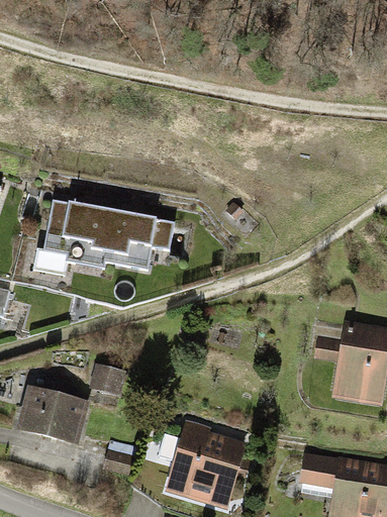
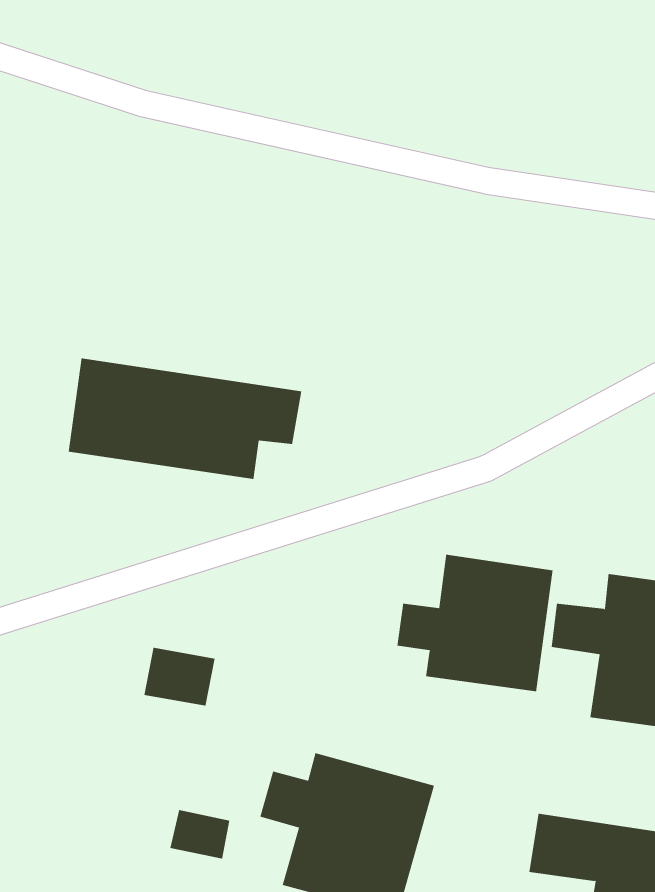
building: none -> [397,554,553,692]
building: [18,386,91,443] -> none

